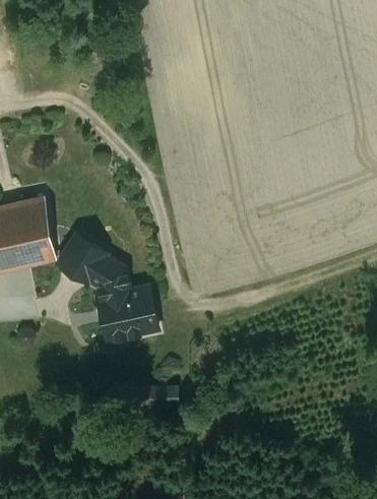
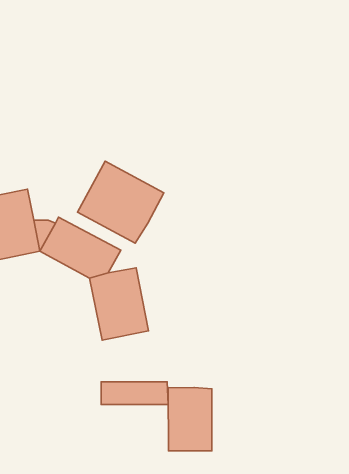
building: none -> [78,161,164,243]
building: none -> [168,387,212,451]

